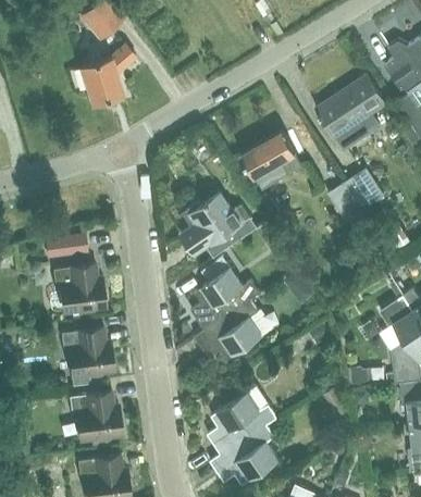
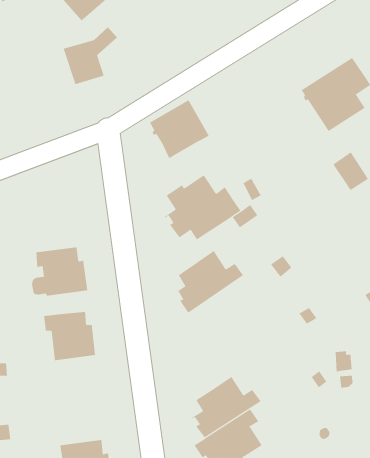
building: [242,131,301,189] -> [149,100,210,159]
building: [329,182,364,221] -> none
building: [45,232,84,257] -> none
building: [194,291,261,360] -> none
building: [69,390,121,446] -> none

